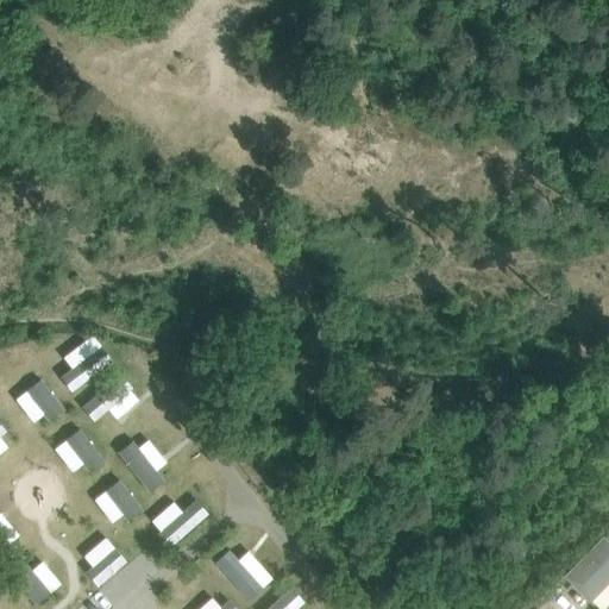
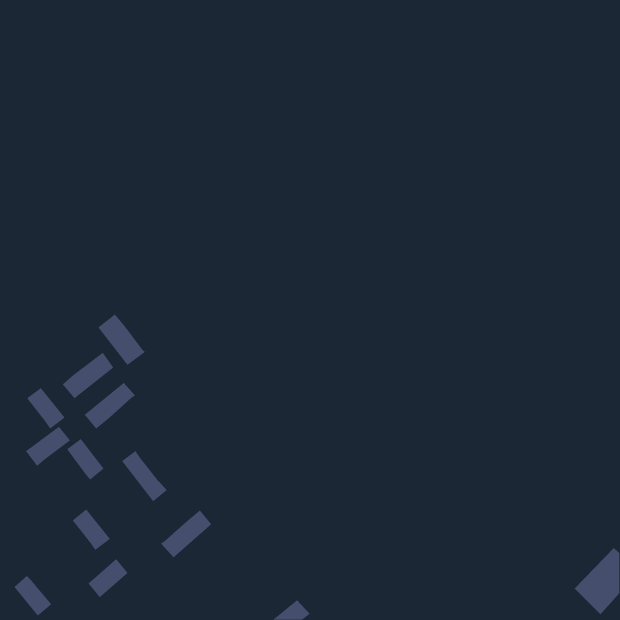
building: none -> [98,313,146,366]
building: none -> [25,426,70,467]
building: [105,479,143,521] -> [72,508,111,551]
building: [215,550,263,601] -> none

